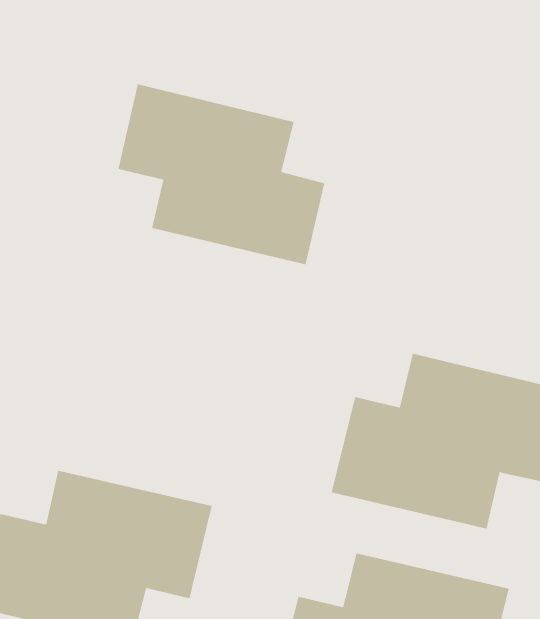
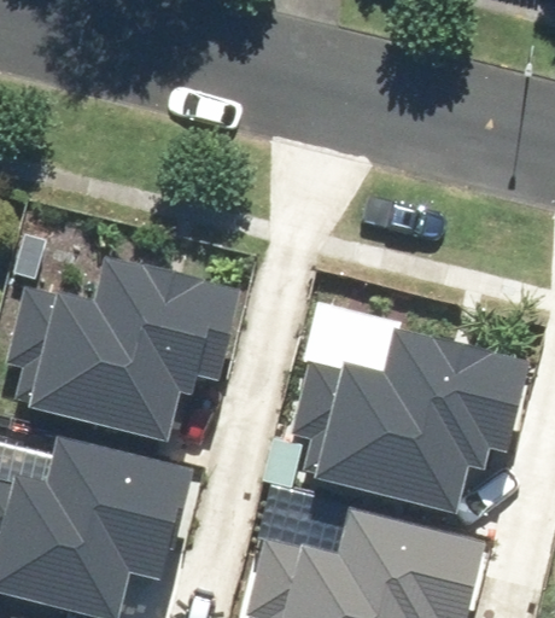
building: [118,84,325,265] -> none
building: none -> [14,267,229,428]

